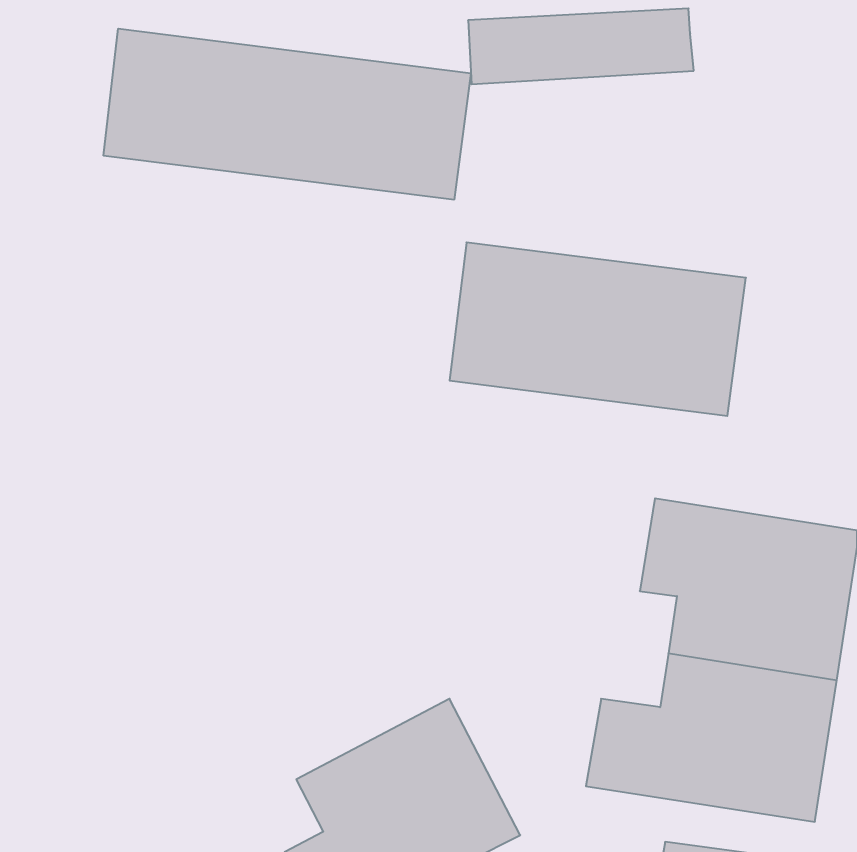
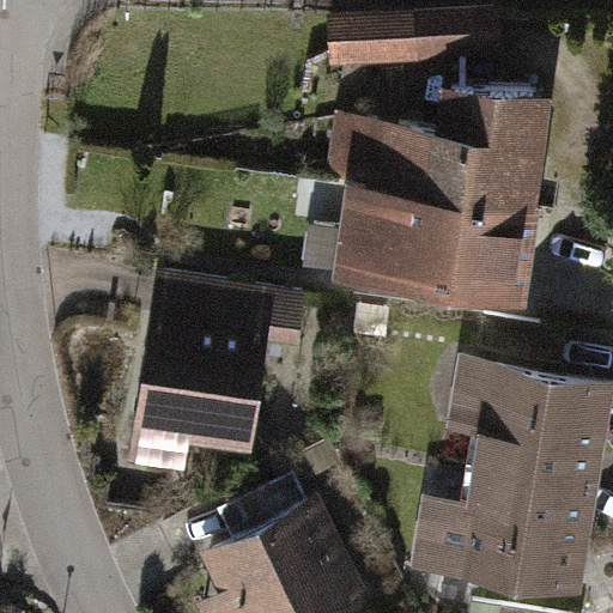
building: [104,29,471,200] -> none
building: none -> [322,77,545,204]
building: none -> [127,281,308,474]

